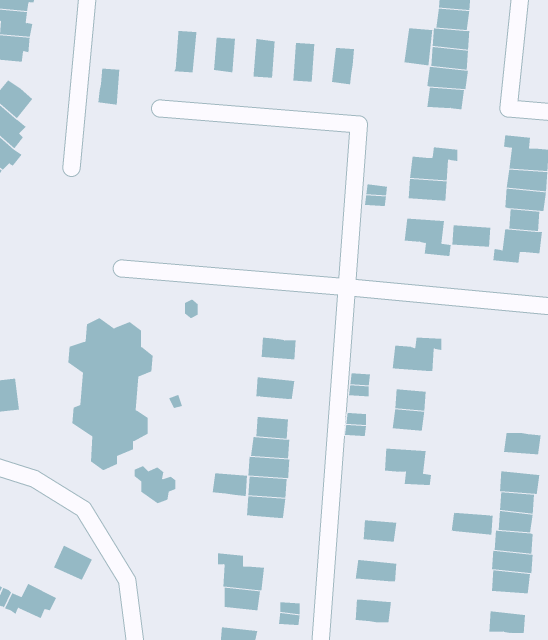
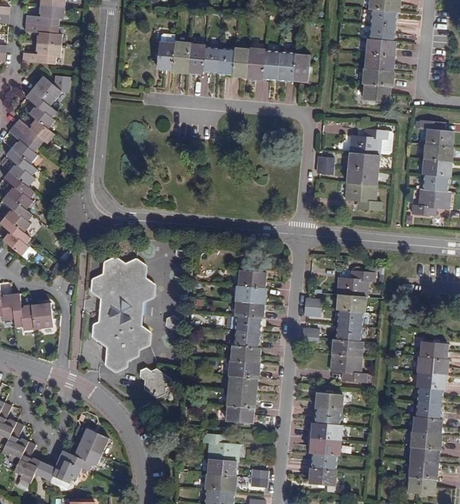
building: [404,27,433,66] -> none
building: none -> [185,41,202,71]
building: none -> [215,45,232,72]
building: none -> [245,45,263,78]
building: none -> [275,49,292,79]
building: [98,68,120,105] -> [156,40,173,68]
building: [452,225,491,247] -> [346,166,376,183]
building: none -> [233,286,264,304]
building: none -> [335,295,364,312]
building: none -> [233,316,258,333]
building: none -> [330,340,362,357]
building: [212,473,248,497] -> [225,406,252,424]
building: none -> [313,393,341,411]
building: [451,511,493,535] -> [416,357,448,375]
building: none -> [309,424,341,442]
building: none -> [60,445,101,471]
building: none -> [310,454,335,471]
building: none -> [408,463,438,481]
building: none -> [205,475,236,493]

